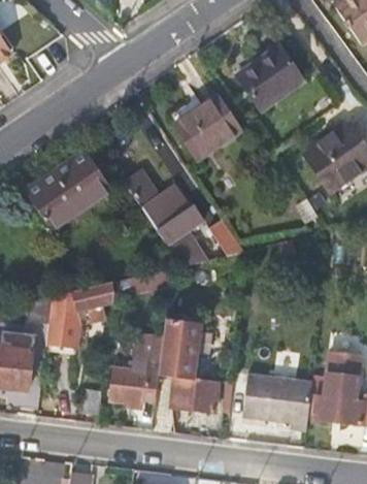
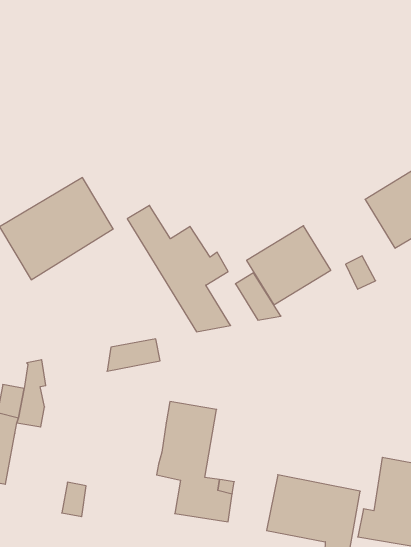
building: [238,45,306,110] -> none
building: [177,97,242,159] -> [247,226,331,305]
building: [64,282,111,320] -> none
building: [109,333,162,404] -> none

